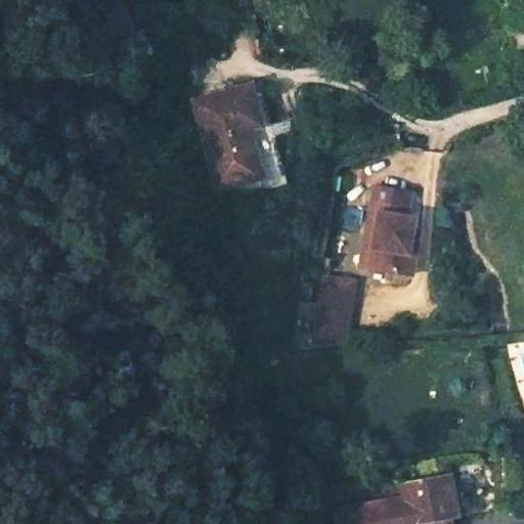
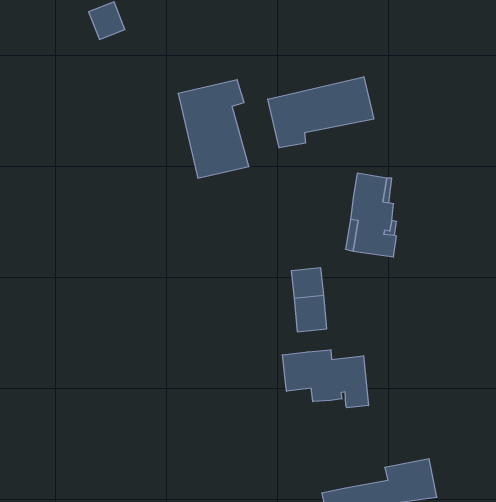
building: none -> [268,77,374,148]
building: none -> [282,350,368,408]

